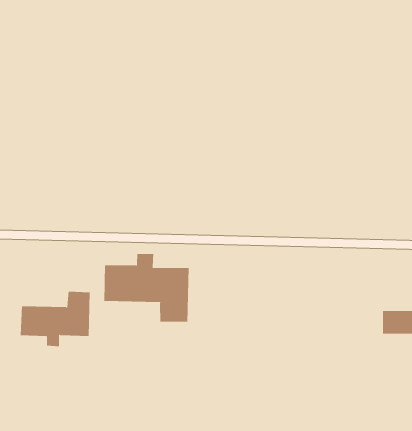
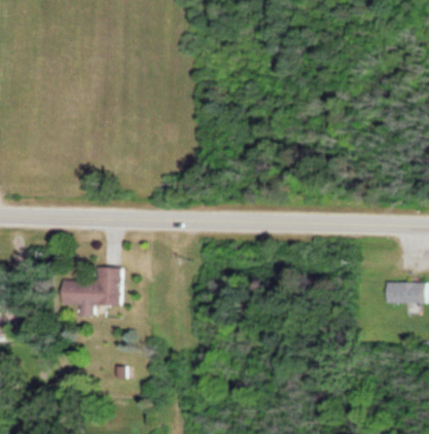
building: [104,253,189,323] -> none

